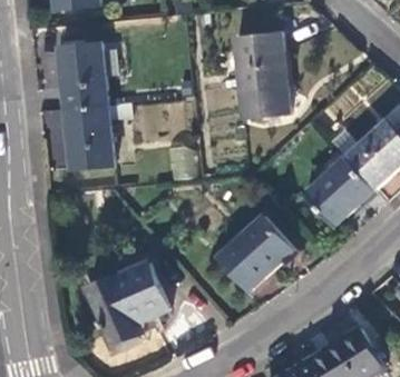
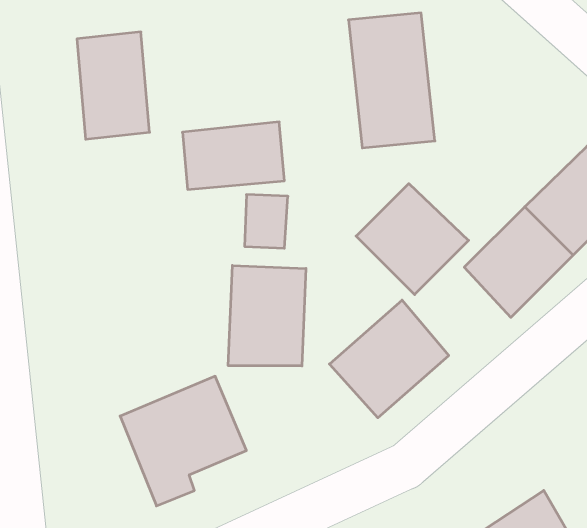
building: [64,106,111,168] -> none
building: none -> [356,184,469,295]
building: none -> [228,265,306,366]

